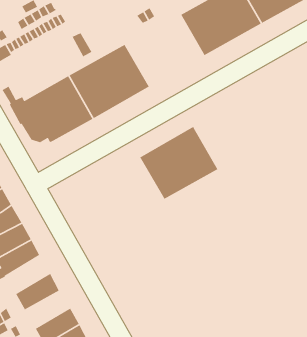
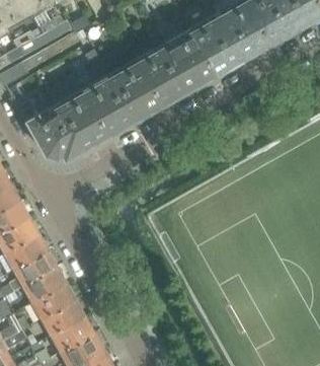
building: [139,126,219,200] -> [137,31,214,103]
building: none -> [21,267,65,304]
building: none -> [39,301,84,338]

